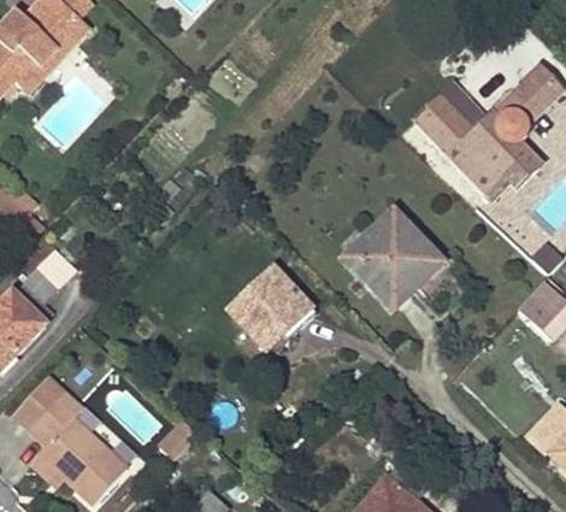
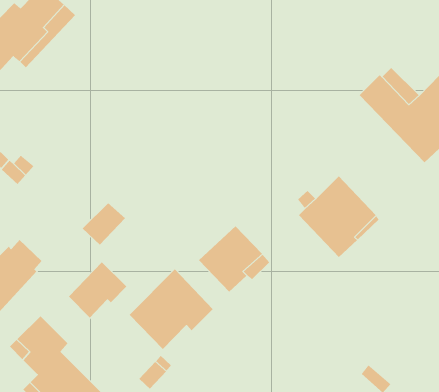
building: [25,249,76,299] -> [82,203,126,245]
building: none -> [68,261,127,319]
building: none -> [129,269,214,350]

